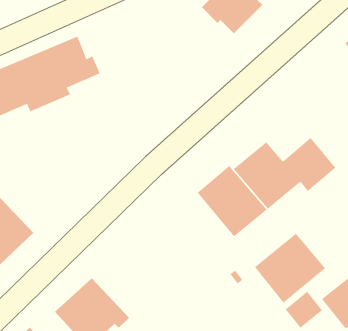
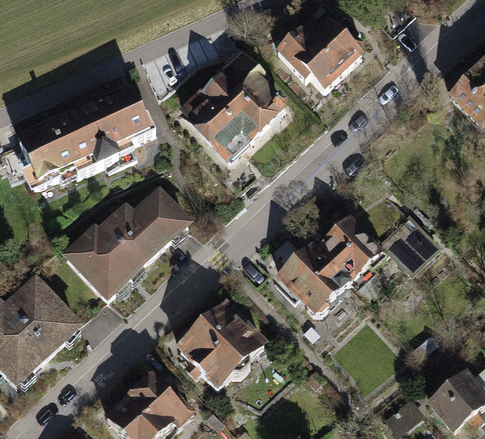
building: none -> [183,49,281,148]
building: none -> [67,189,186,295]
building: none -> [178,301,274,396]
building: [254,233,326,303] -> none

